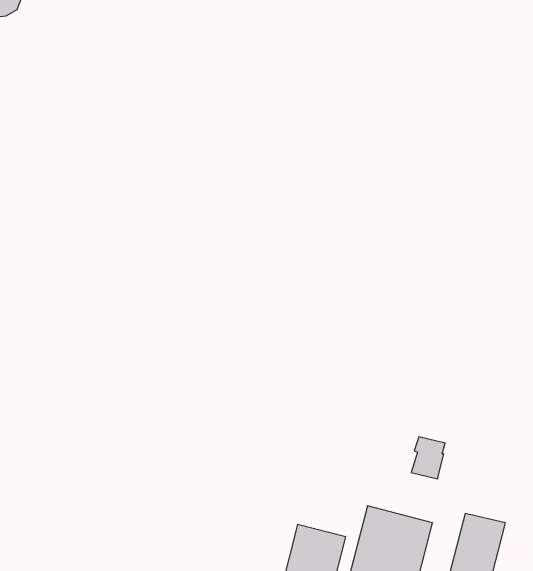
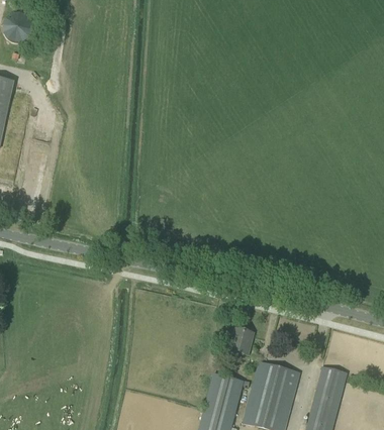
building: [411,437,445,479] -> [230,327,253,354]

